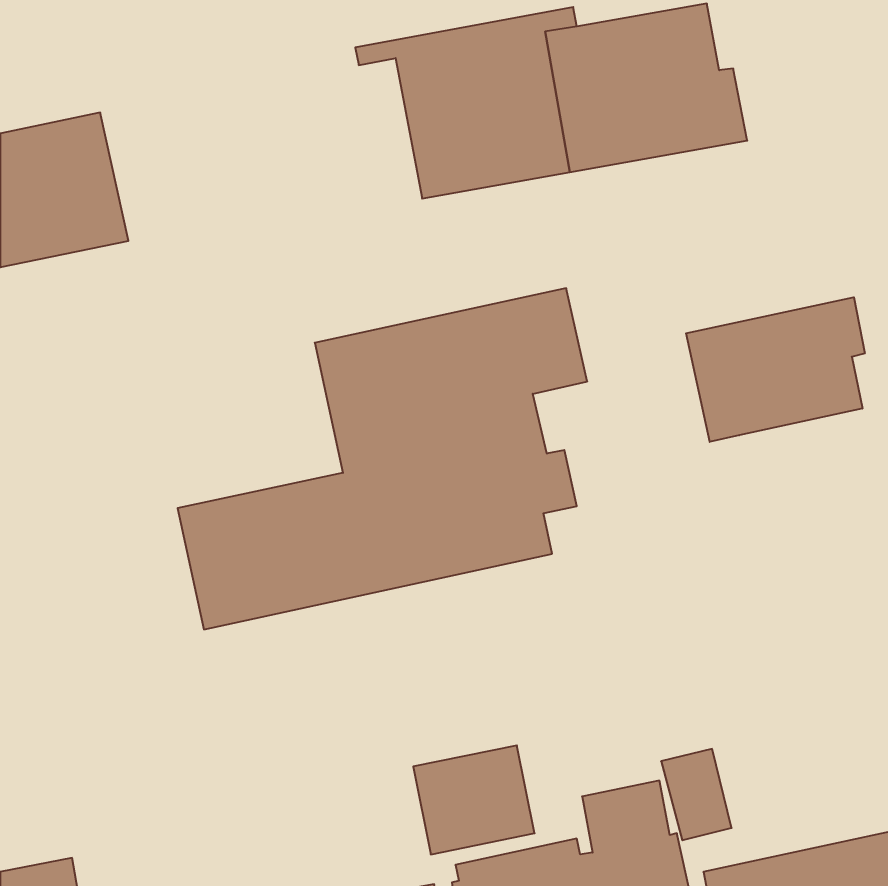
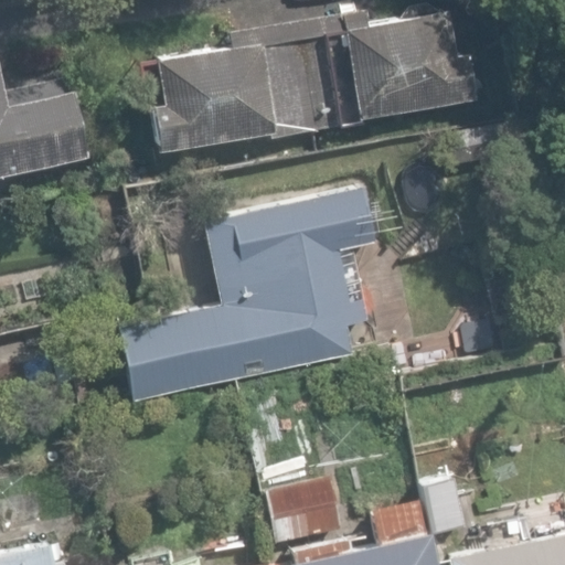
building: none -> [142,44,271,152]
building: [686,297,865,442] -> none

